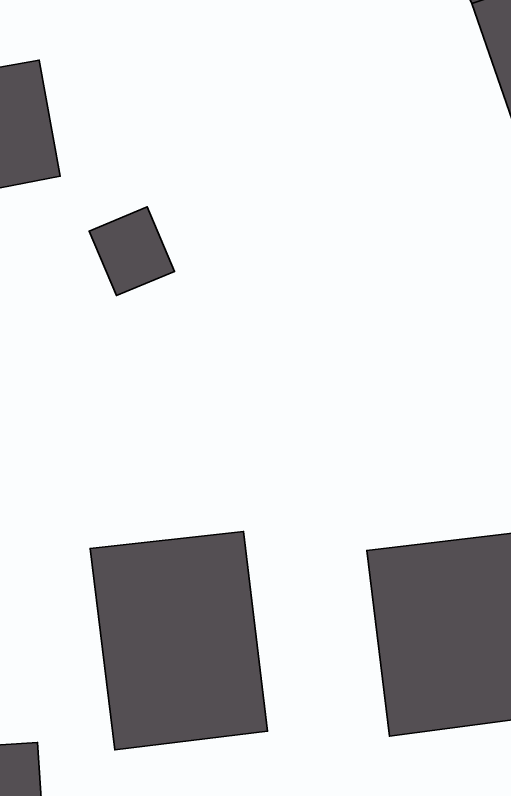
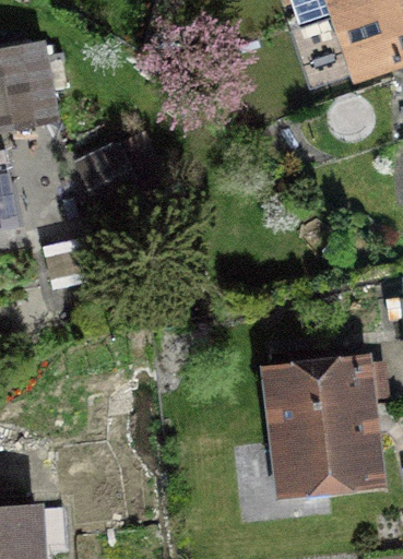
building: [90,531,268,750] -> none

